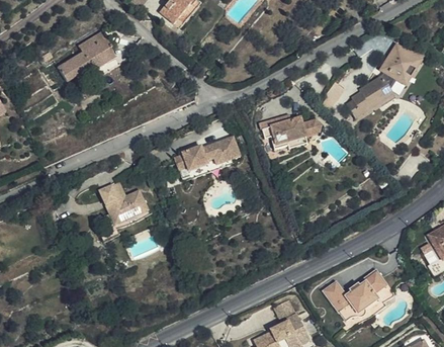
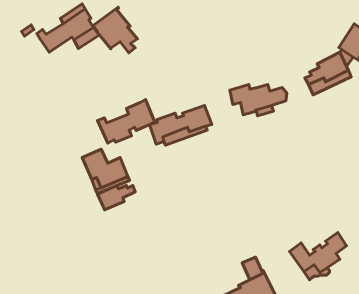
building: none -> [93,7,138,53]
building: none -> [97,99,155,143]
building: none -> [97,185,135,210]

